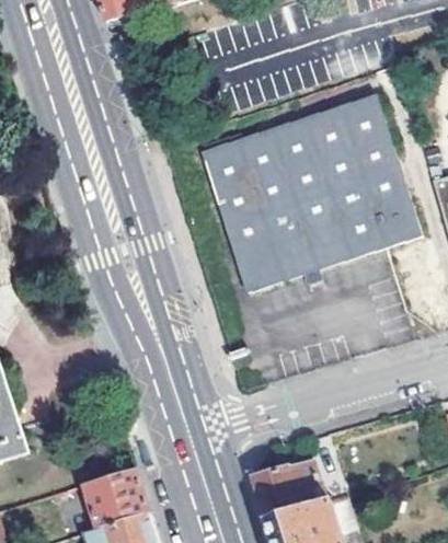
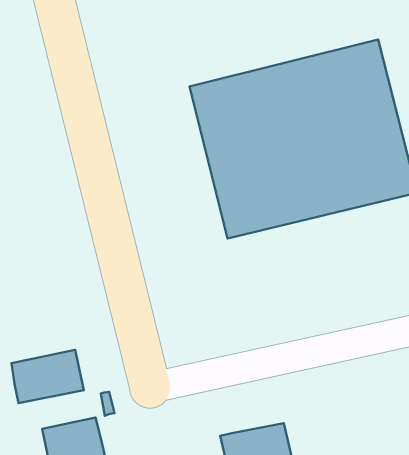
building: none -> [11,350,84,403]

